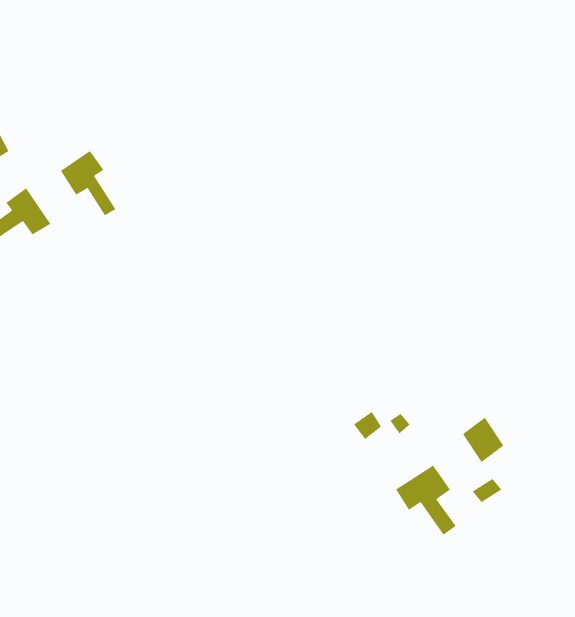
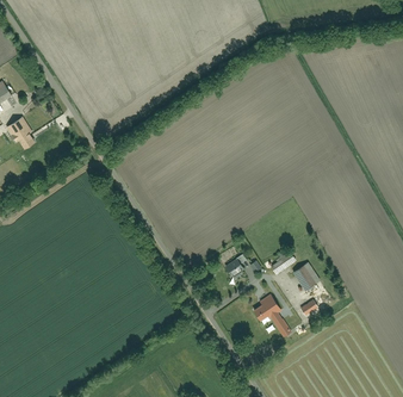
building: [60,150,116,216] -> none

